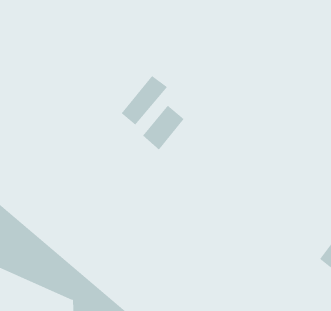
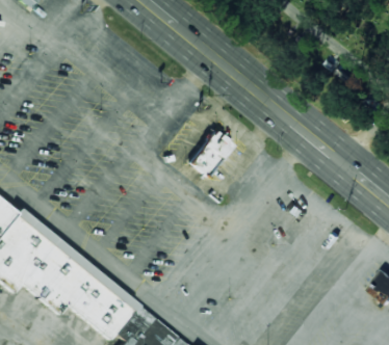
building: [121,75,168,126] -> none

